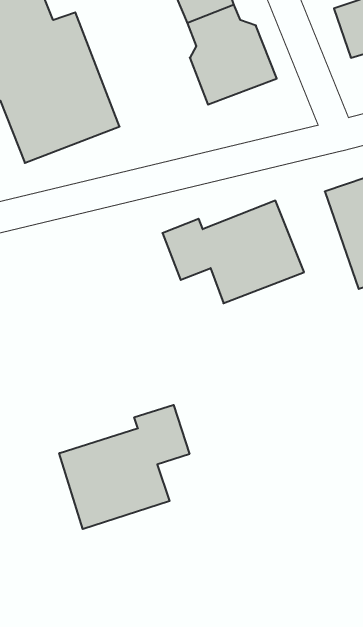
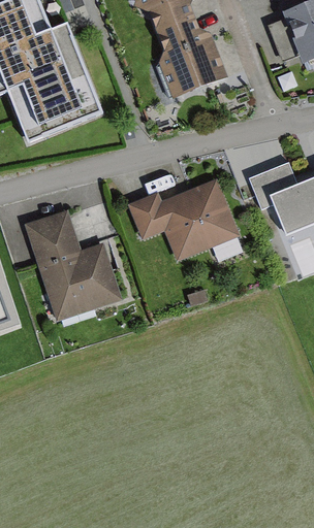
building: none -> [27,210,121,320]
building: [59,405,189,529] -> none

